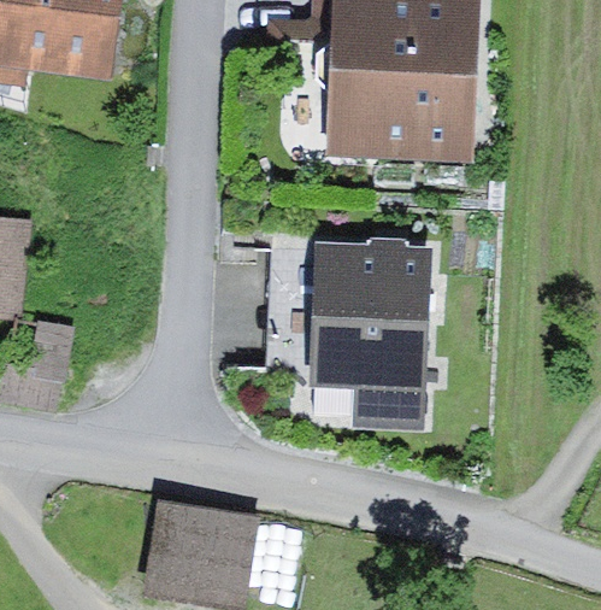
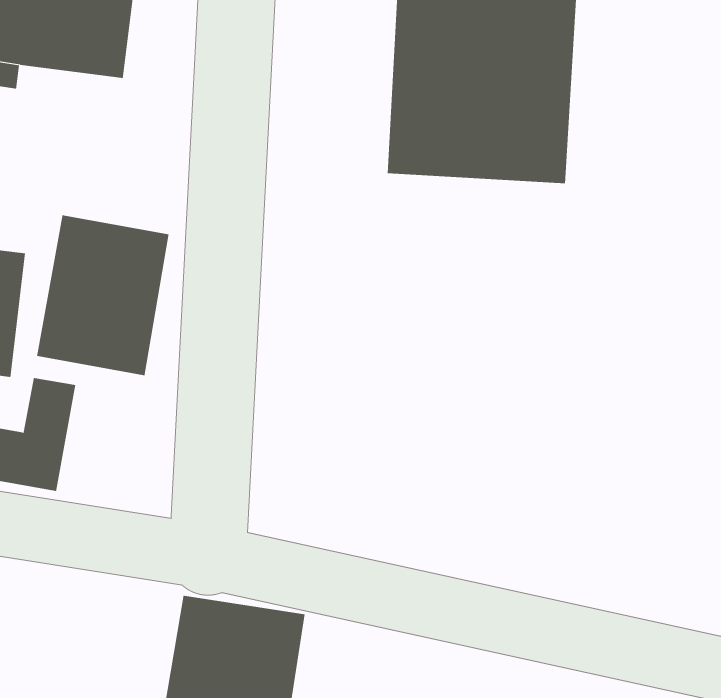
building: none -> [36,215,169,376]
building: [308,237,431,432] -> none

